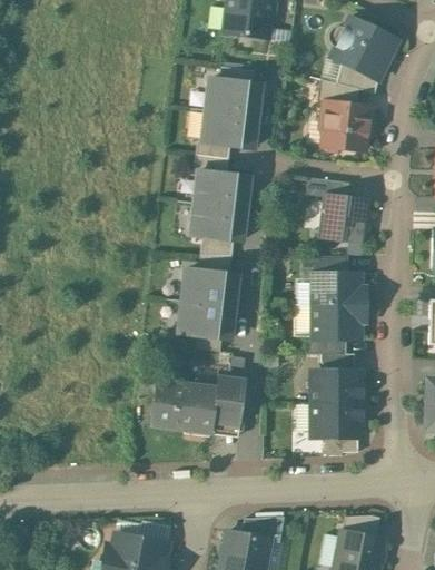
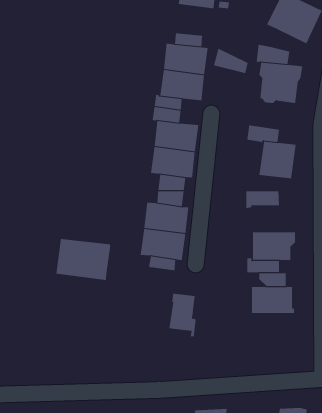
building: [336,63,378,95] -> [213,48,249,74]
building: [313,275,365,306] -> none
building: [150,383,217,433] -> [56,239,111,280]
building: [312,404,364,439] -> none

